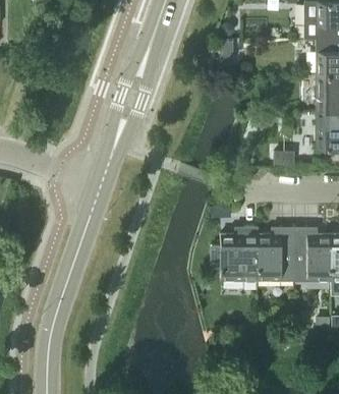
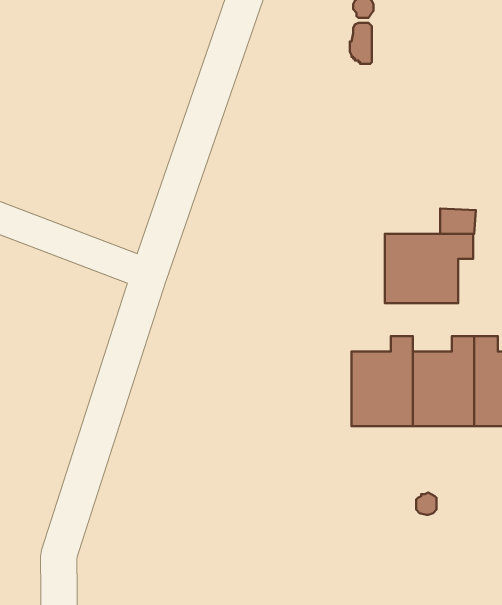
building: none -> [385,234,473,303]

